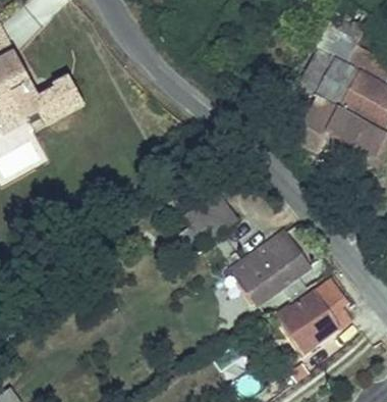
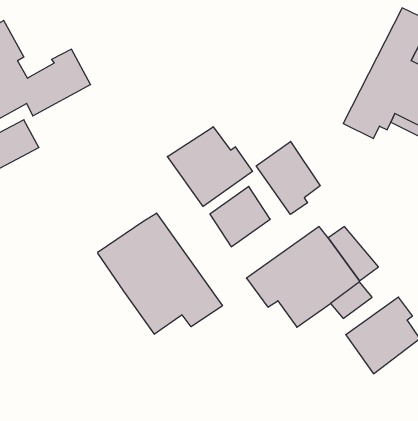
building: none -> [167,127,252,206]
building: none -> [256,141,320,214]
building: none -> [98,213,222,334]

